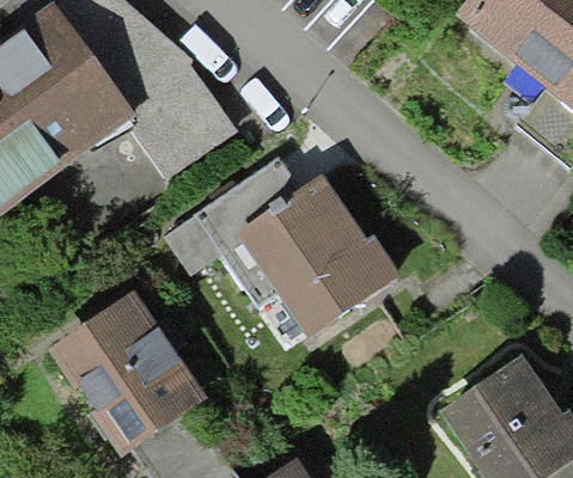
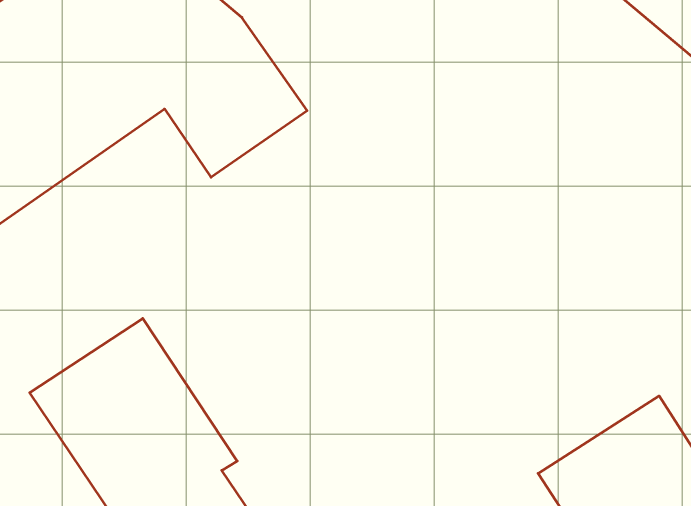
building: [232,177,385,335] -> none

